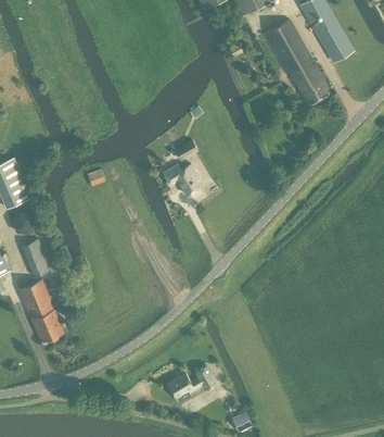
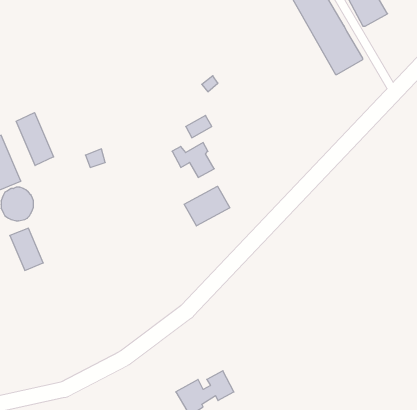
building: none -> [16,113,54,166]
building: none -> [184,186,230,226]
building: [18,279,67,340] -> none

